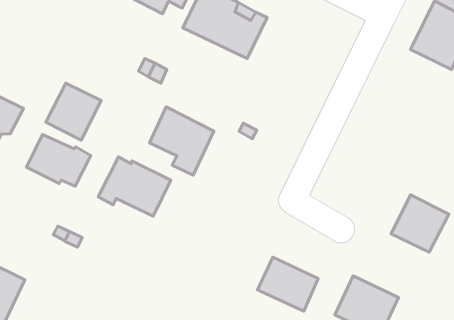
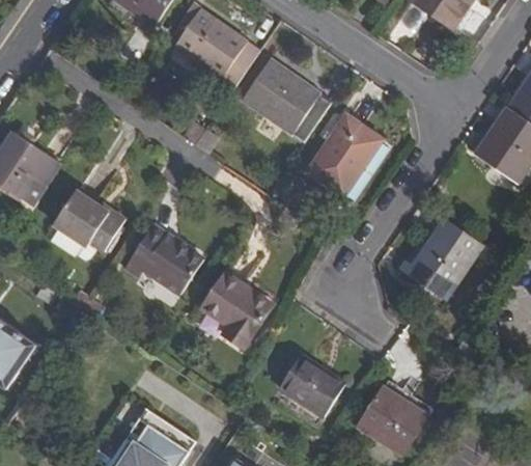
building: none -> [308,114,384,196]
building: [46,83,101,140] -> none
building: [149,107,214,175] -> [203,271,273,347]
building: [391,195,449,252] -> [413,229,476,293]

